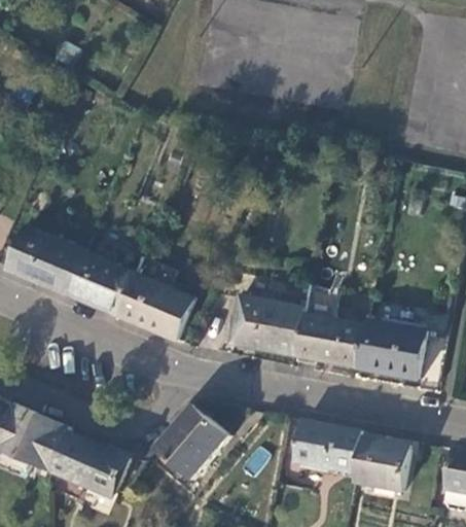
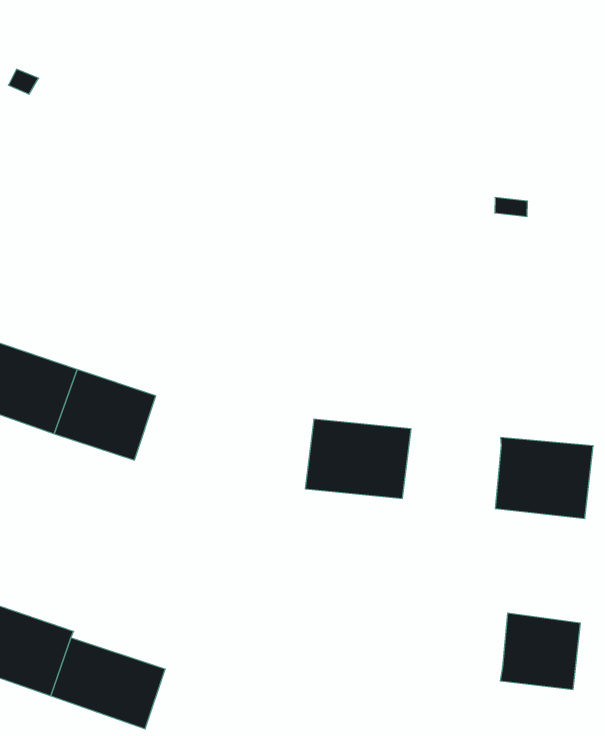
building: [118,274,194,341] -> none
building: [296,286,365,366] -> none
building: [155,405,227,479] -> none
building: [294,422,362,473] -> none

